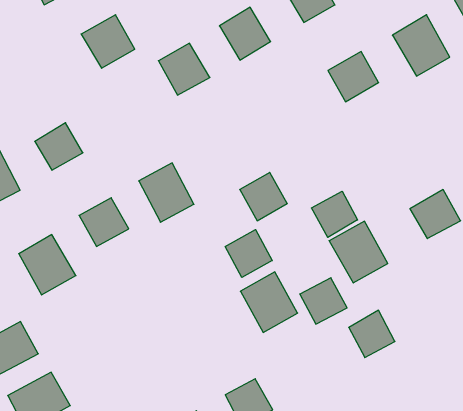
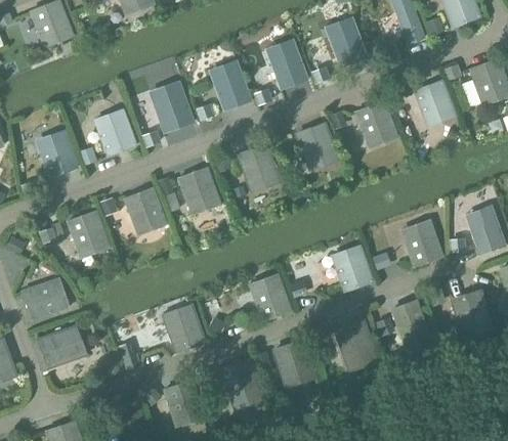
building: [81,15,135,68] -> [152,90,195,133]
building: none -> [294,122,336,163]
building: [240,172,287,221] -> [238,145,276,184]
building: [311,191,358,237] -> none
building: [225,230,272,277] -> none
building: [300,278,347,324] -> [272,342,310,379]
building: none -> [390,302,425,345]
building: none -> [161,303,207,354]

